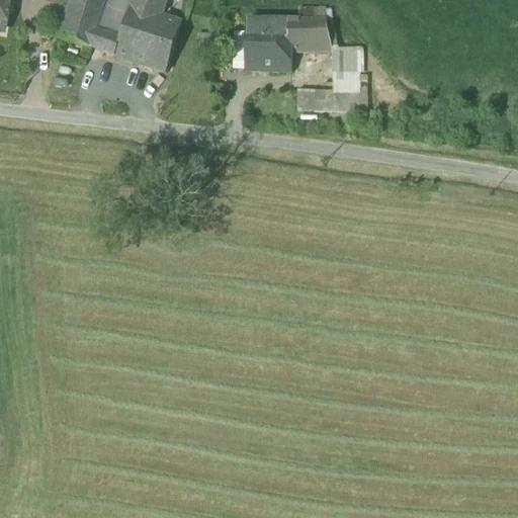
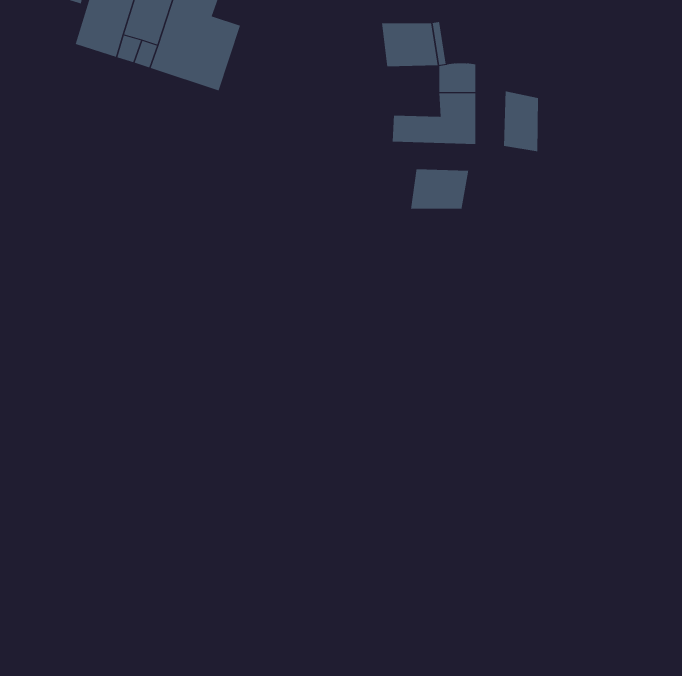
building: [234,17,293,70] -> none
building: none -> [503,91,538,152]
building: none -> [411,169,469,210]

